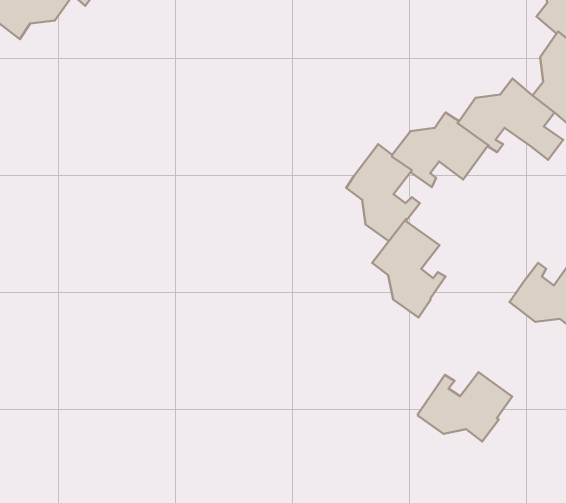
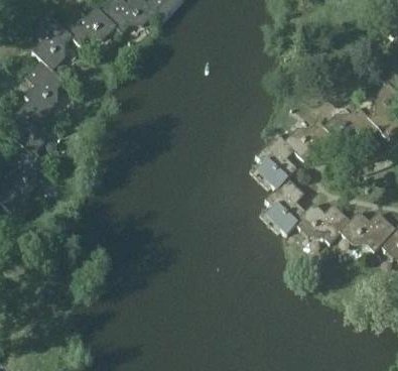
building: [418,372,512,441] -> [295,204,350,244]

